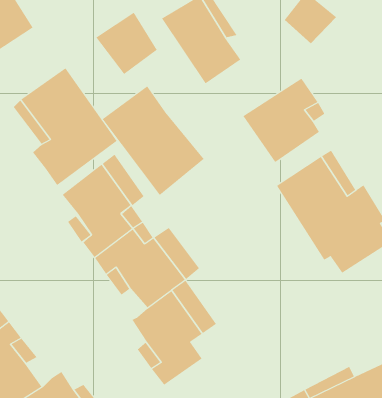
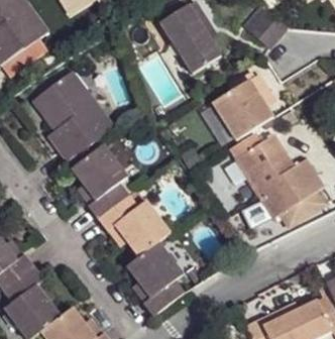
building: [96,12,158,75] -> none
building: [102,86,205,196] -> none

